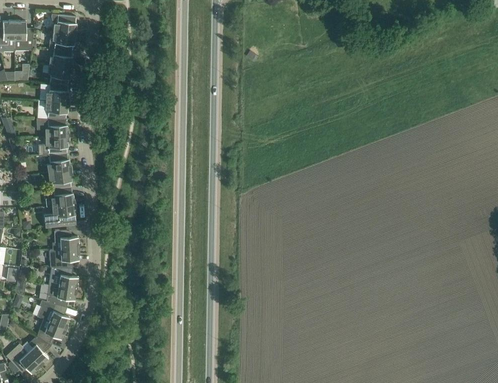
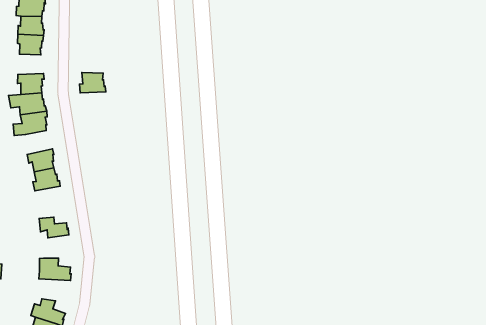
building: [45,82,68,101] -> [79,73,106,93]
building: [46,152,70,172] -> none
building: [44,203,75,227] -> none
building: [48,247,78,267] -> none
building: [45,284,76,305] -> none

